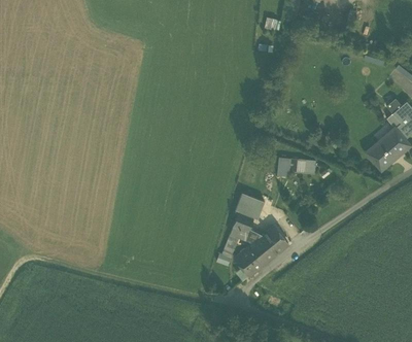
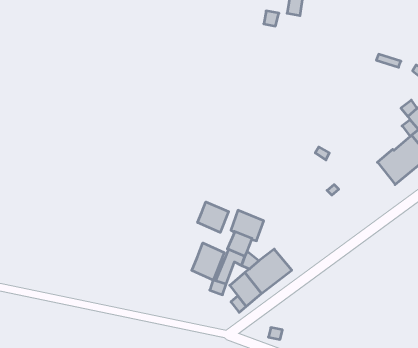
building: [277,157,316,175] -> none
building: none -> [198,202,229,232]
building: none -> [192,243,224,280]

